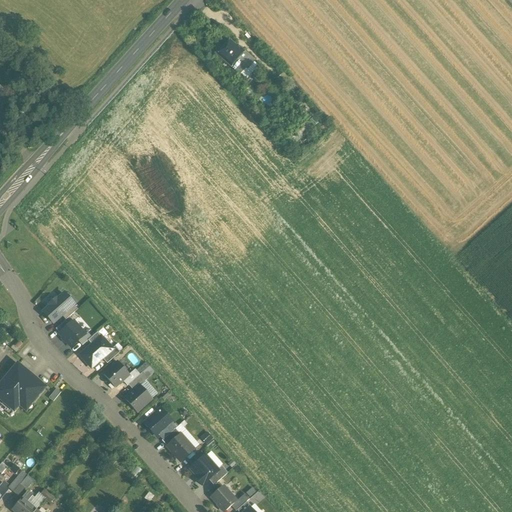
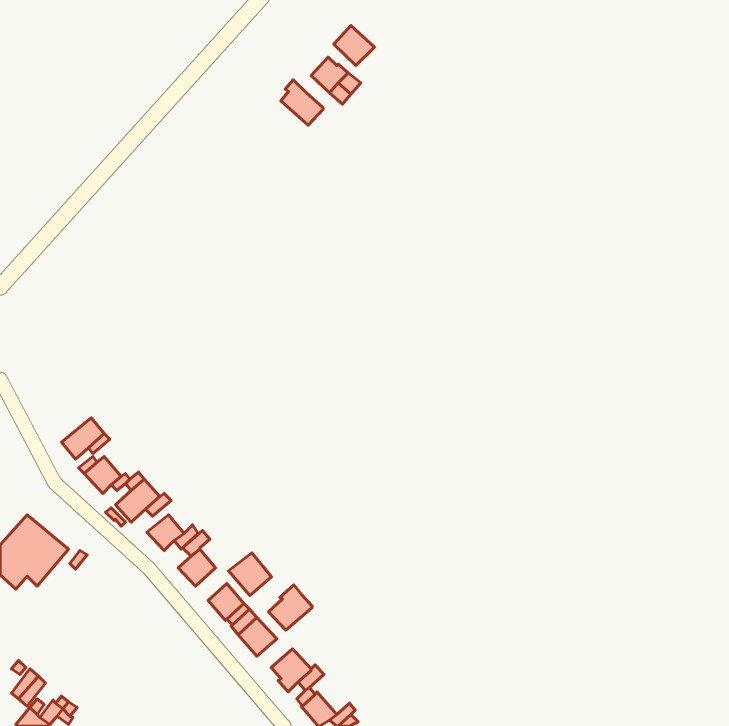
building: none -> [334,26,375,66]
building: none -> [281,80,323,125]
building: none -> [229,553,271,595]
building: none -> [268,585,312,630]

